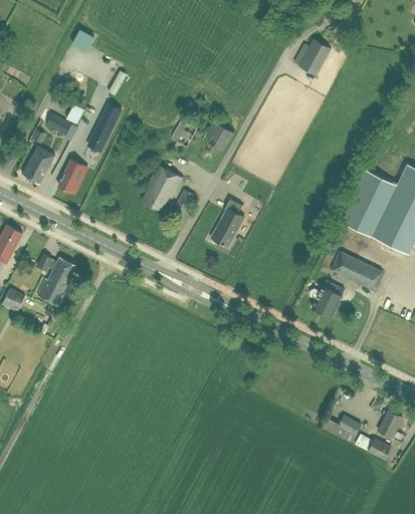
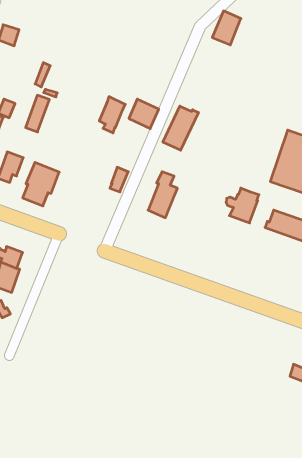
building: none -> [163,106,198,150]
building: [141,165,182,211] -> [23,162,59,206]
building: [308,280,344,317] -> [226,188,259,223]

